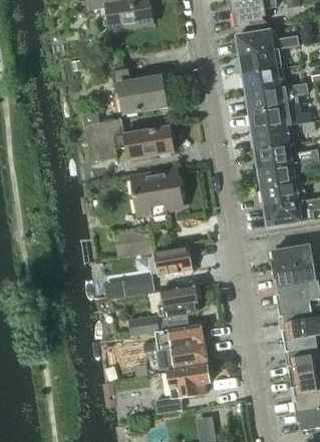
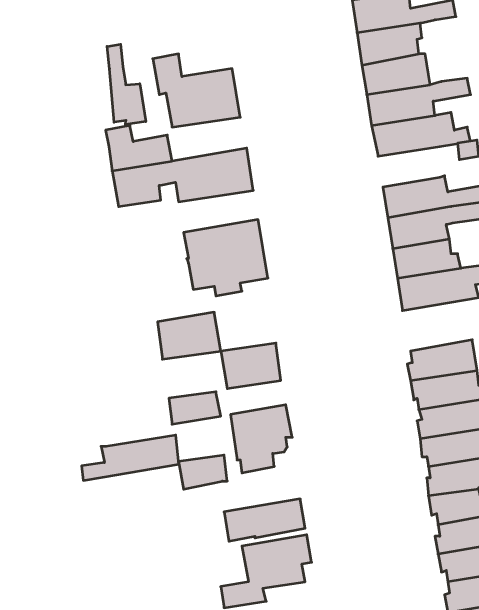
building: none -> [107,44,146,124]
building: [252,124,292,149] -> none
building: [143,324,204,352] -> [82,435,179,480]

